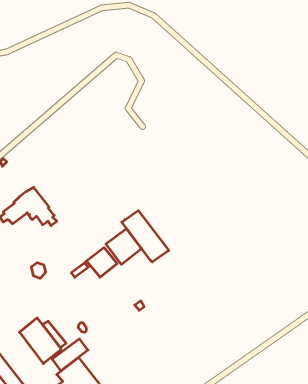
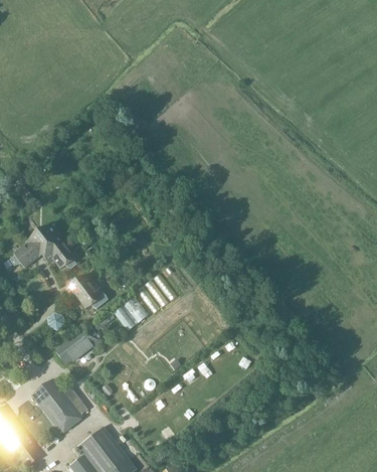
building: [122,211,169,262] -> none
building: none -> [69,277,109,309]
building: [52,339,88,371] -> [56,327,99,365]

